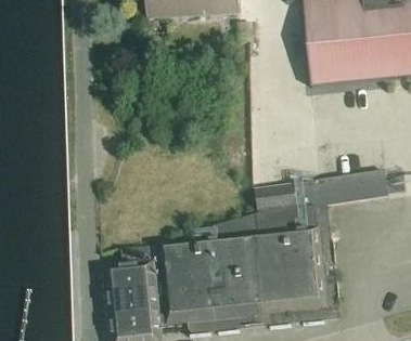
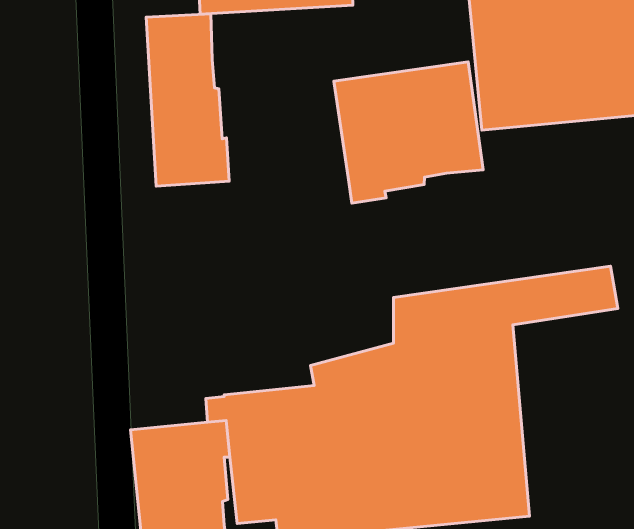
building: none -> [146,14,229,186]
building: none -> [334,62,483,203]

